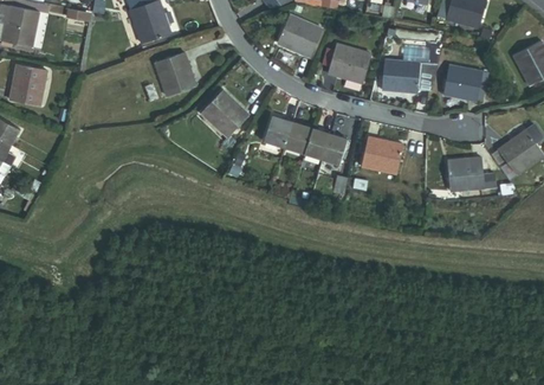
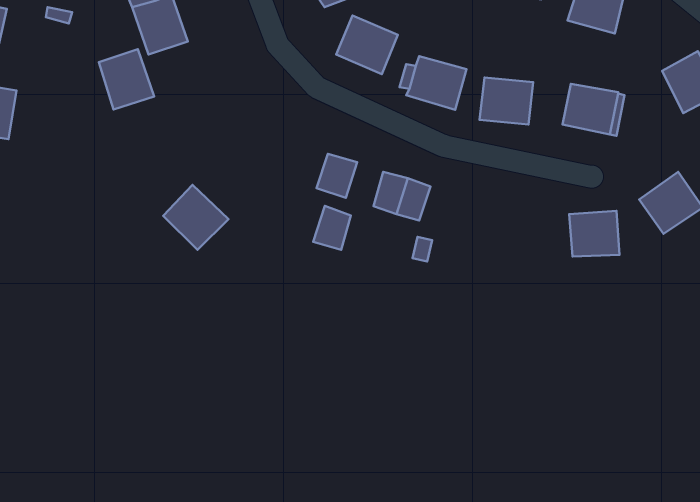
building: [156,52,196,96] -> [99,49,154,109]
building: [202,90,250,137] -> [163,185,228,250]
building: [285,121,312,153] -> [313,206,351,250]
building: [362,136,403,173] -> none

